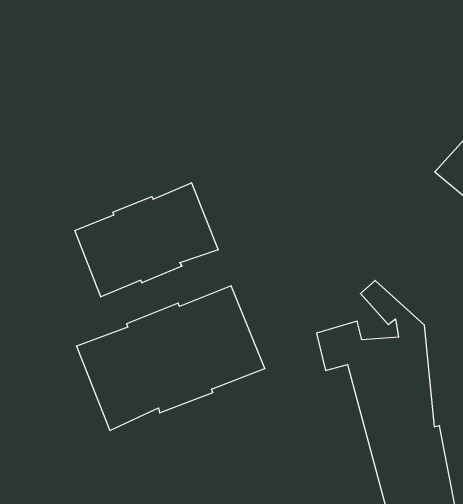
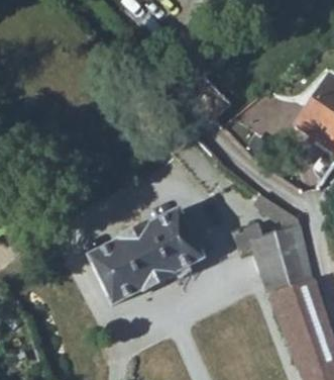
building: [75,183,218,297] -> none

